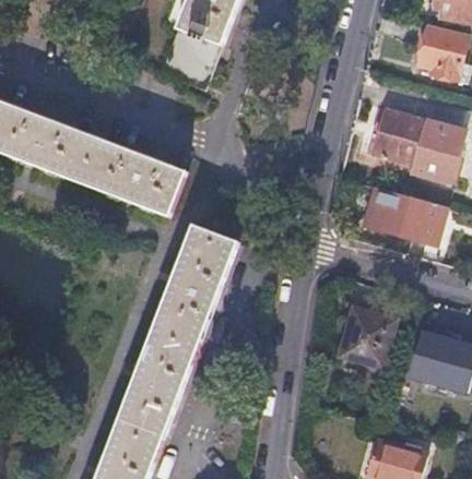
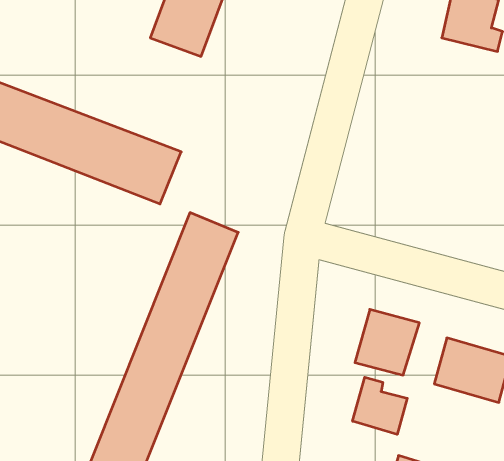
building: [374,109,465,185] -> none
building: [365,190,438,243] -> none
building: none -> [353,377,407,434]

